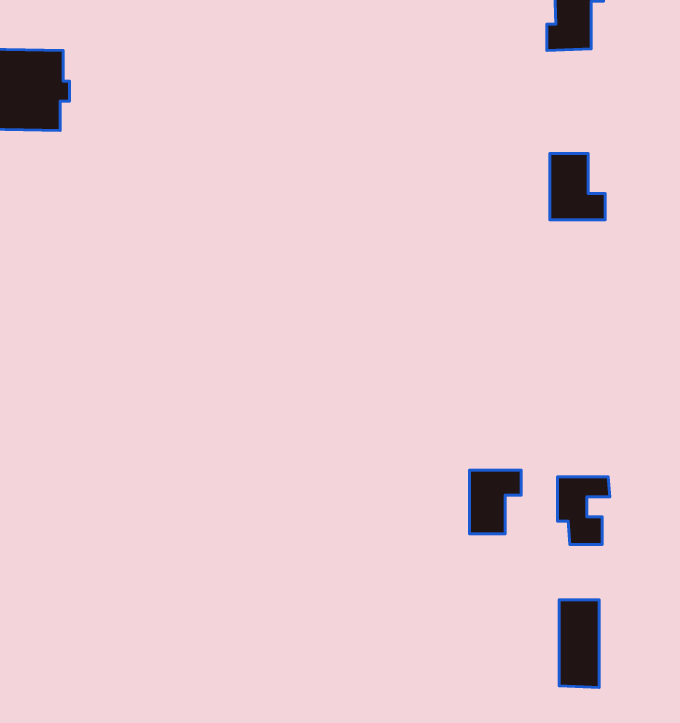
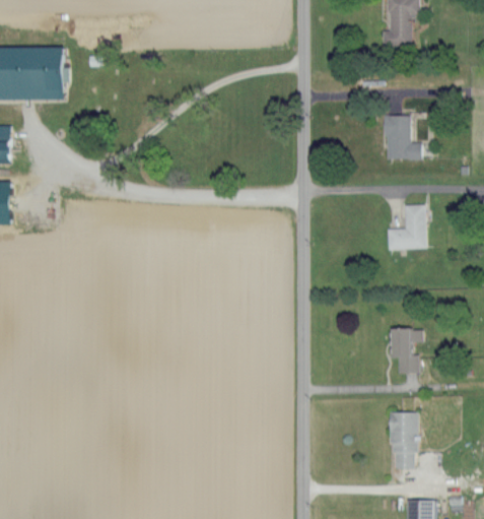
building: none -> [388,205,427,251]
building: [469,470,521,534] -> none

